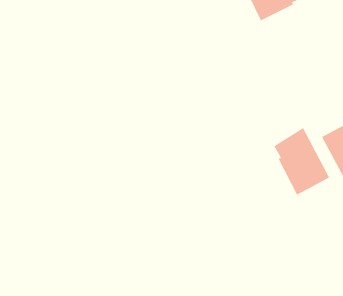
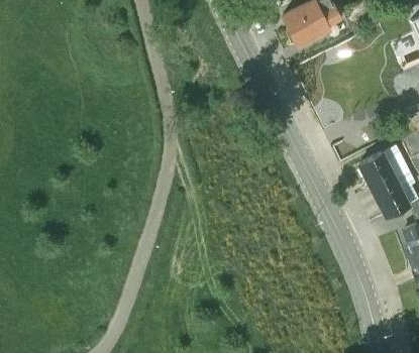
building: [274,127,330,195] -> none

